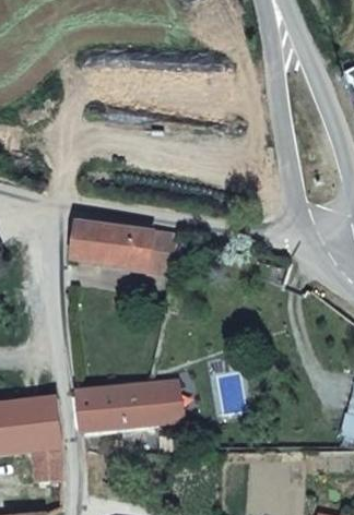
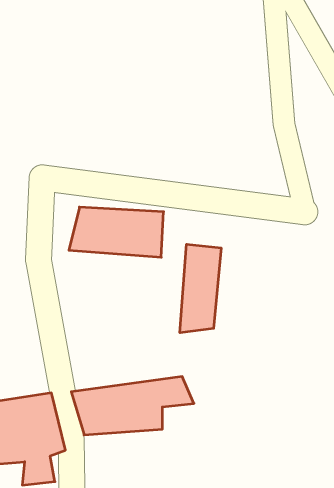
building: none -> [180,244,221,333]

